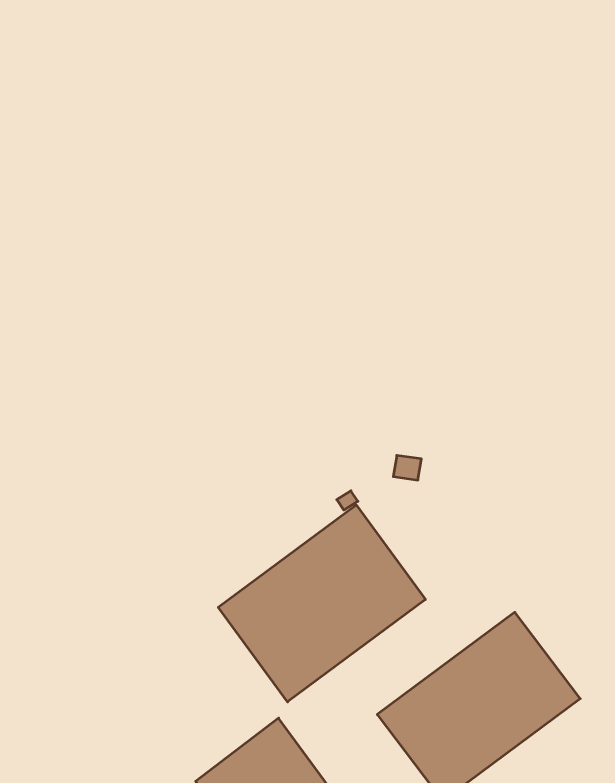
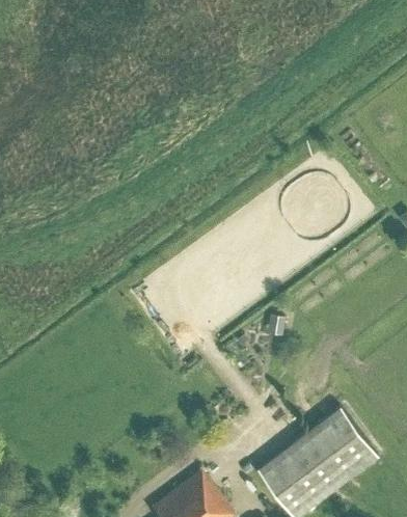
building: [218,505,425,702] -> none

